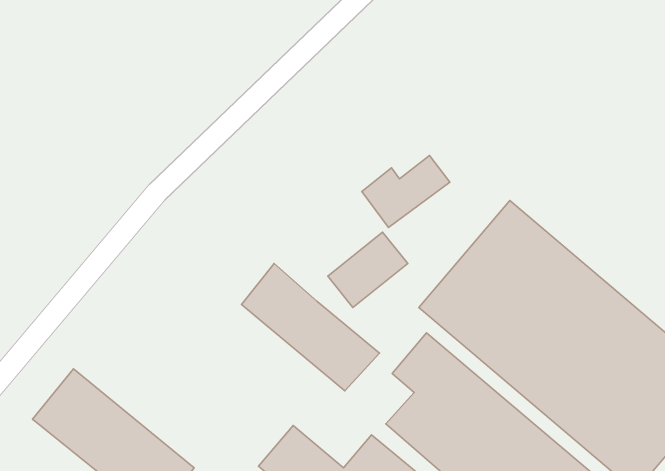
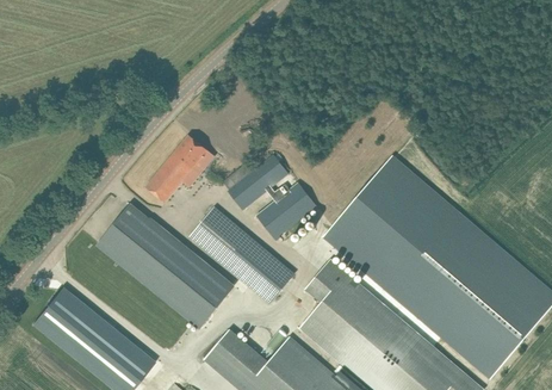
building: [362,155,450,228] -> [222,154,289,209]
building: none -> [145,134,206,202]
building: none -> [98,202,232,326]

